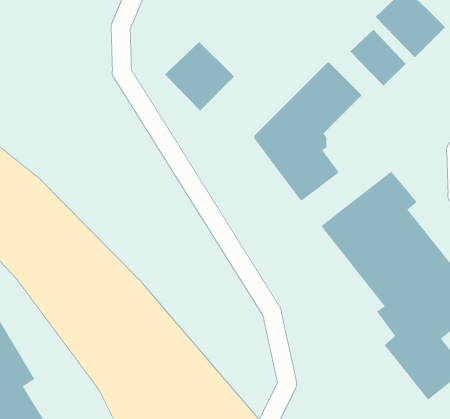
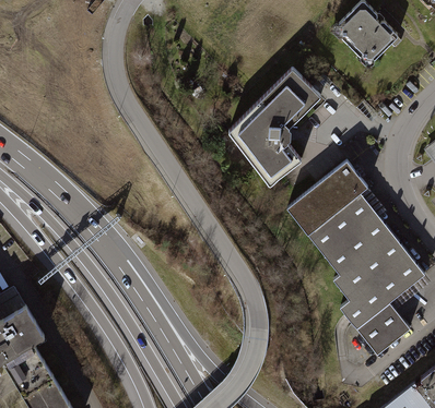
building: [350,29,407,87] -> none
building: [164,41,235,111] -> none

